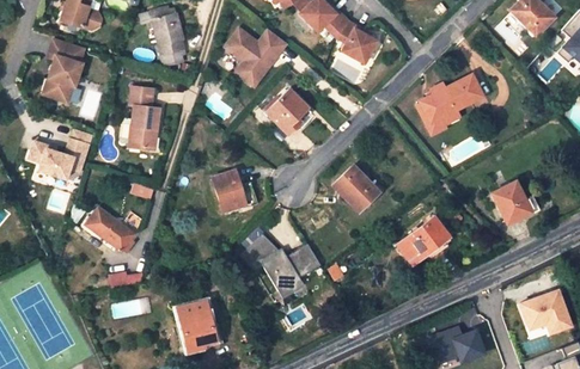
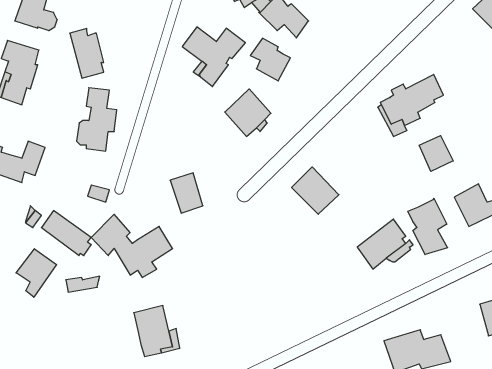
building: [151,7,184,56] -> [70,28,104,78]
building: [337,21,377,63] -> [250,38,290,81]
building: none -> [419,136,453,171]
building: none -> [408,198,448,255]
building: [240,233,320,295] -> [91,214,173,278]
building: none -> [16,249,57,297]

